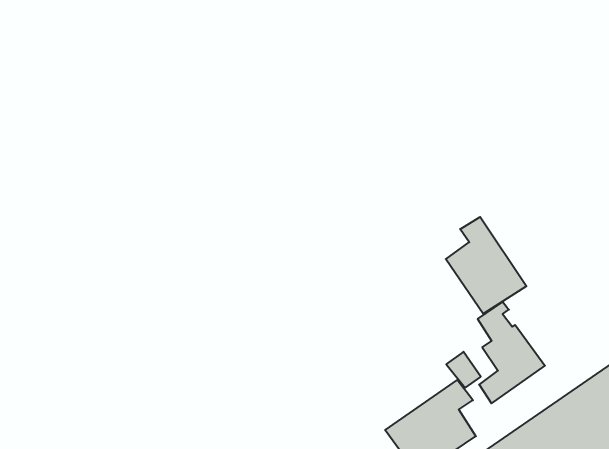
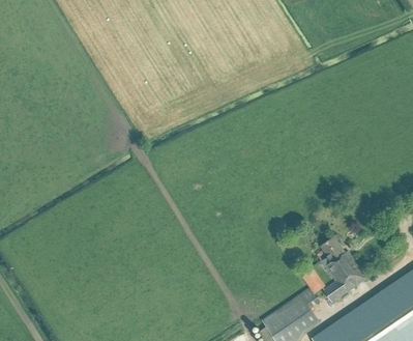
building: [446,217,526,314] -> none

